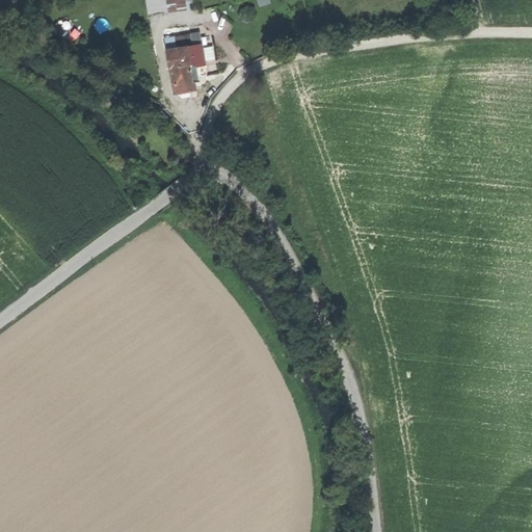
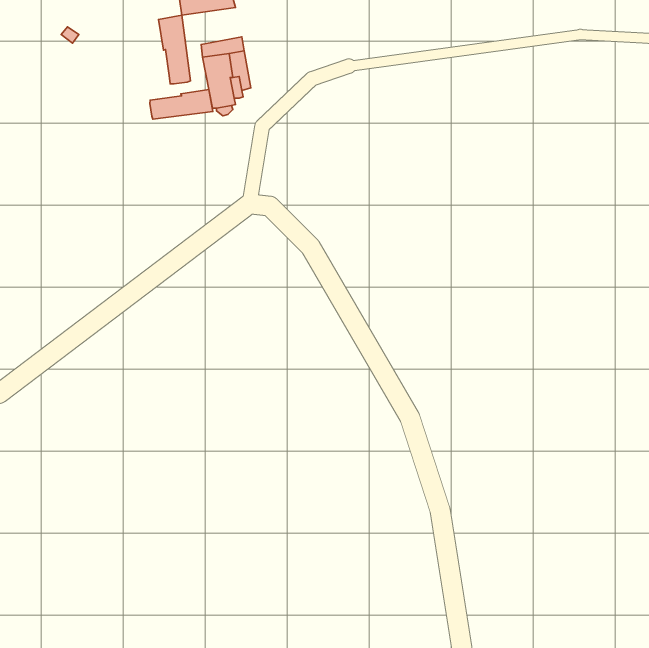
building: none -> [159,15,190,84]
building: none -> [150,89,213,119]

